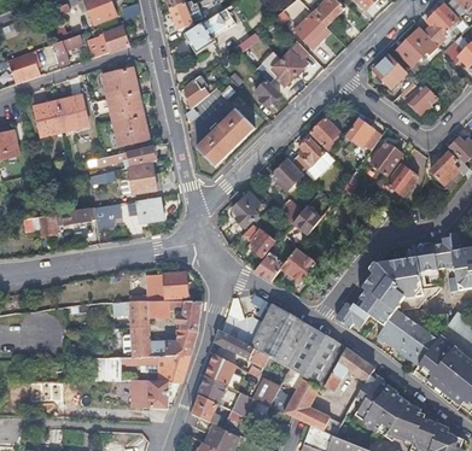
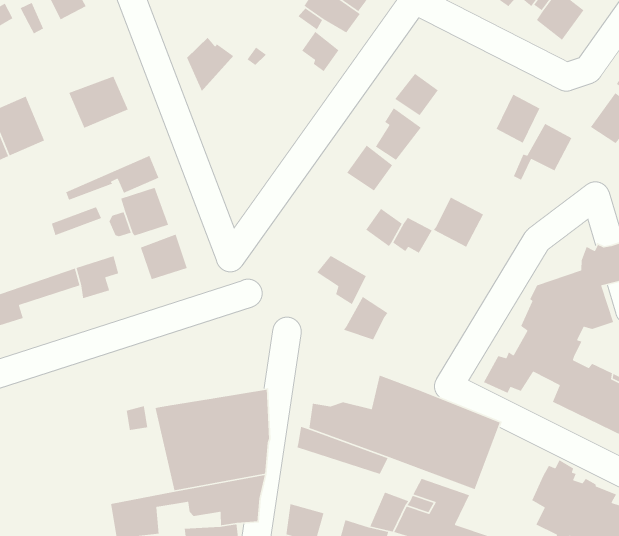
building: [103,66,138,96] -> none
building: [199,112,256,166] -> none
building: [113,113,148,144] -> none
building: [346,119,381,151] -> none
building: [233,193,261,229] -> none
building: [282,250,316,283] -> [433,196,484,248]
building: [138,273,188,301] -> none
building: [325,347,375,393] -> none
building: [204,352,233,385] -> none

